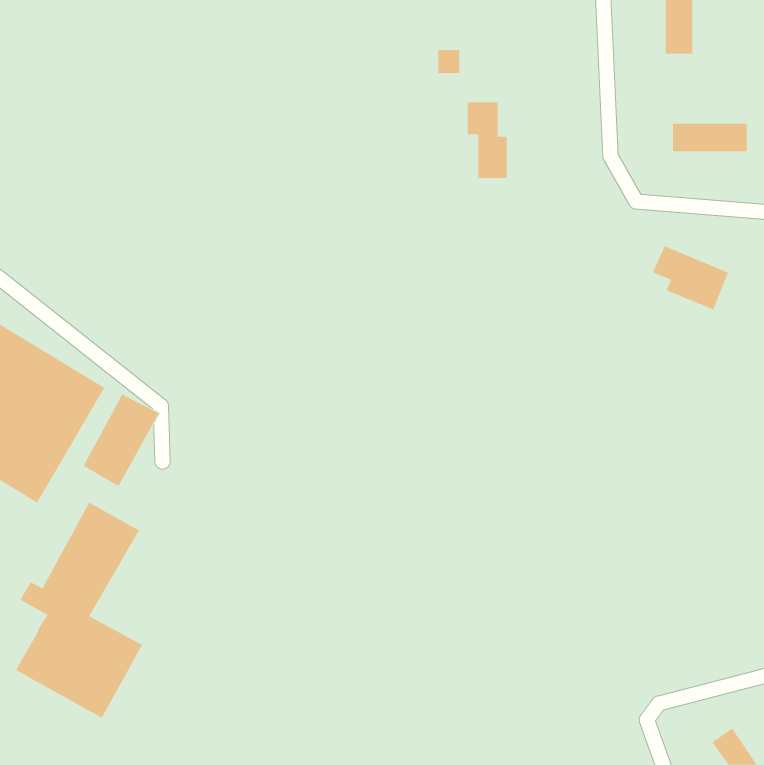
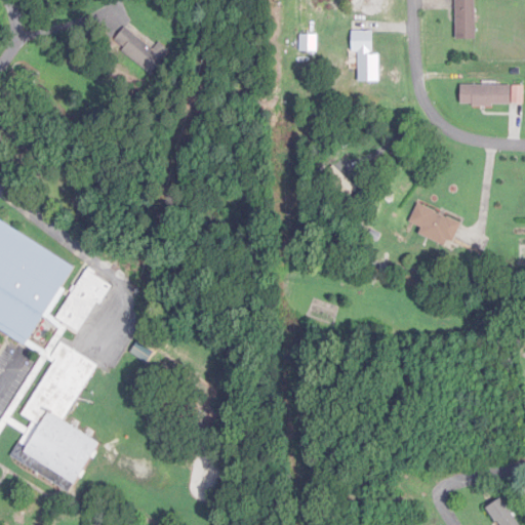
building: none -> [110,26,167,72]
building: [467,102,508,178] -> [350,29,377,81]
building: [652,245,729,310] -> [407,203,459,247]

